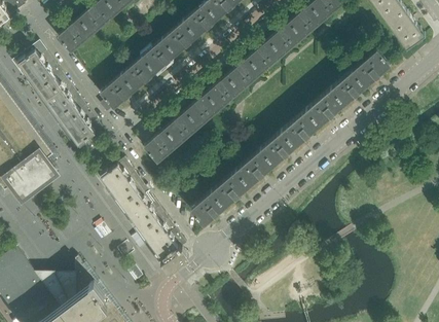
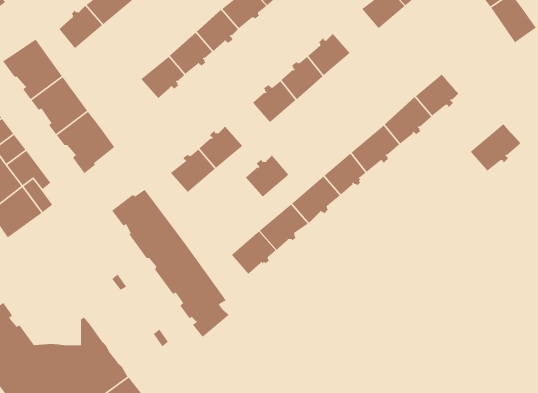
building: [267,23,302,57] -> none
building: [351,50,390,87] -> [470,123,521,172]
building: [100,76,134,114] -> none
building: [185,95,219,128] -> [245,155,290,198]

